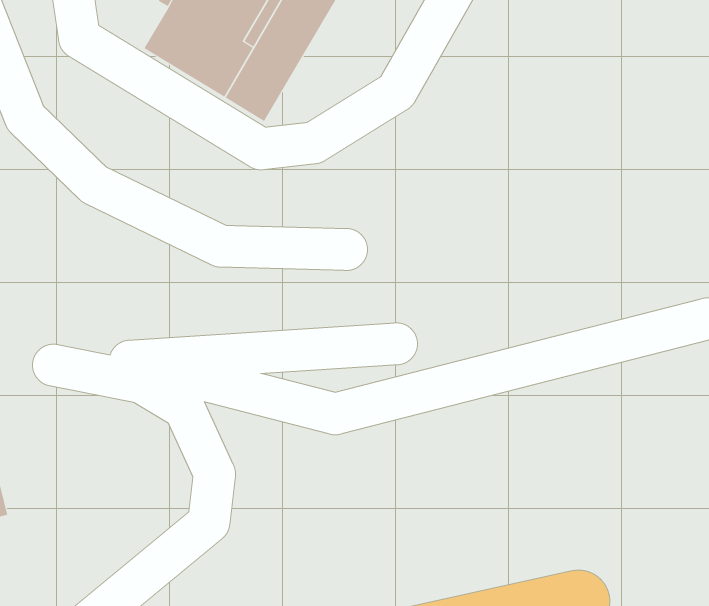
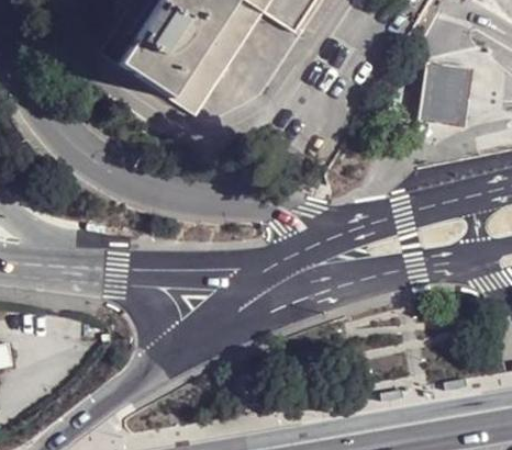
building: none -> [420,63,474,127]

